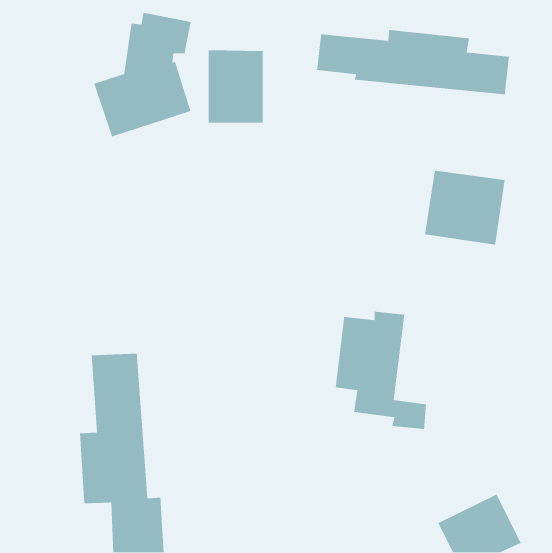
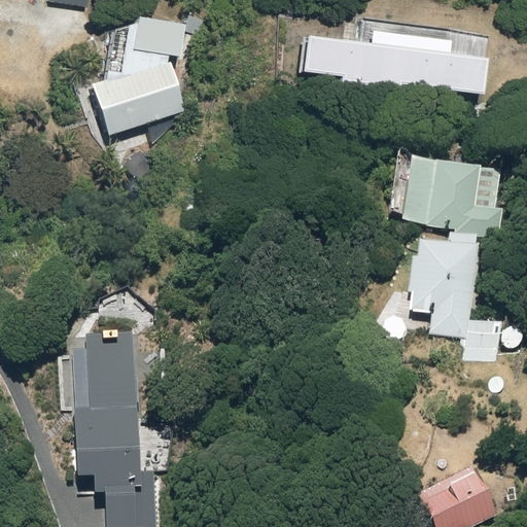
building: [208,49,264,123] -> none
building: [335,311,427,430] -> [414,238,501,351]

